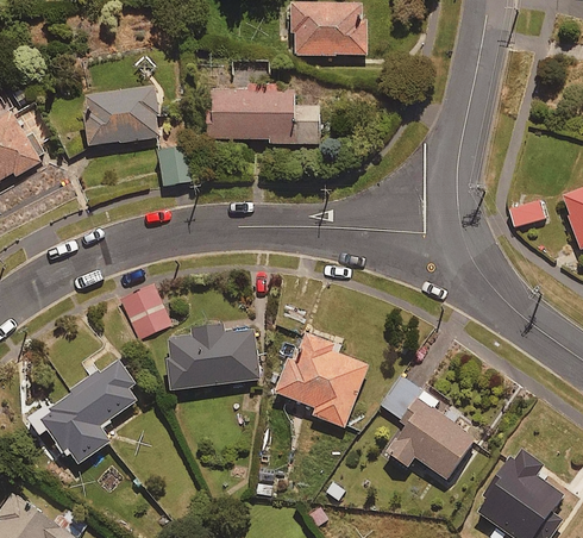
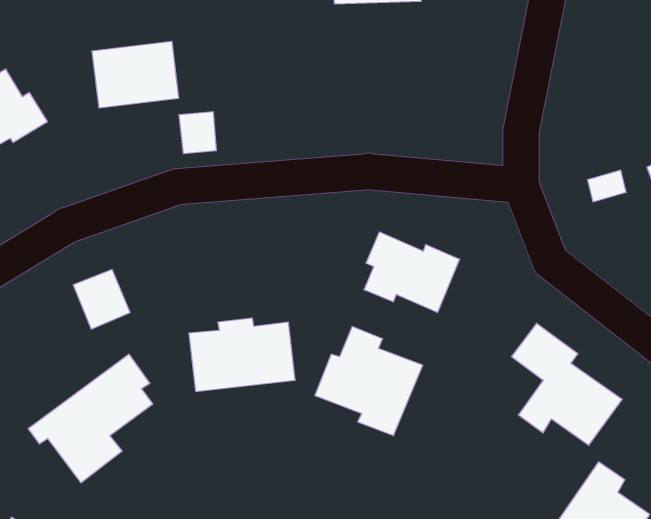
building: [206,88,320,142] -> none
building: none -> [364,232,460,313]
building: [121,286,170,337] -> [73,270,130,329]
building: [381,374,476,478] -> [511,323,622,445]

